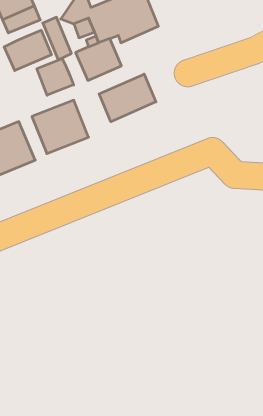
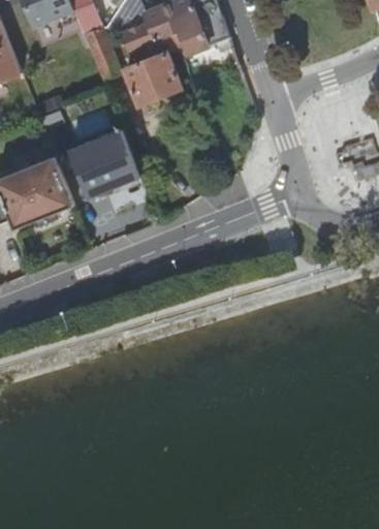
building: [4,30,51,71] -> none
building: [37,58,74,95] -> none
building: [99,74,156,122] -> none

